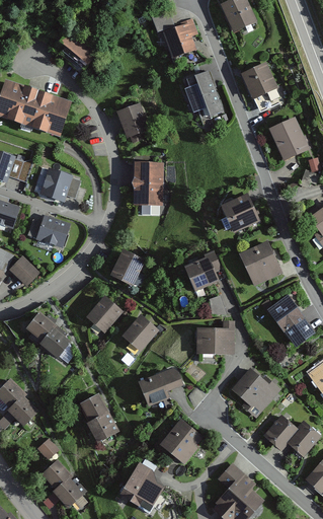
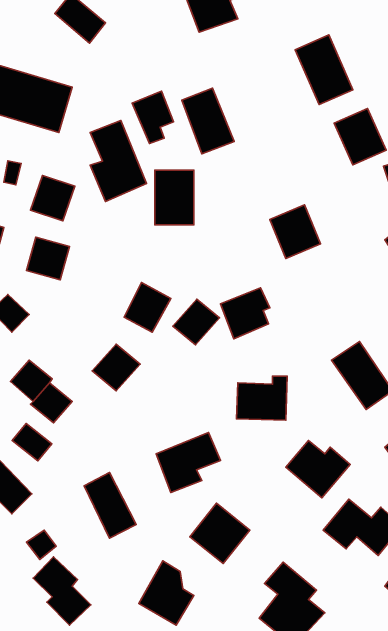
building: [183,69,223,119] -> [182,88,234,154]
building: none -> [90,121,147,202]
building: [239,240,280,285] -> none
building: [123,315,158,350] -> [173,299,220,345]
building: none -> [12,423,52,461]

